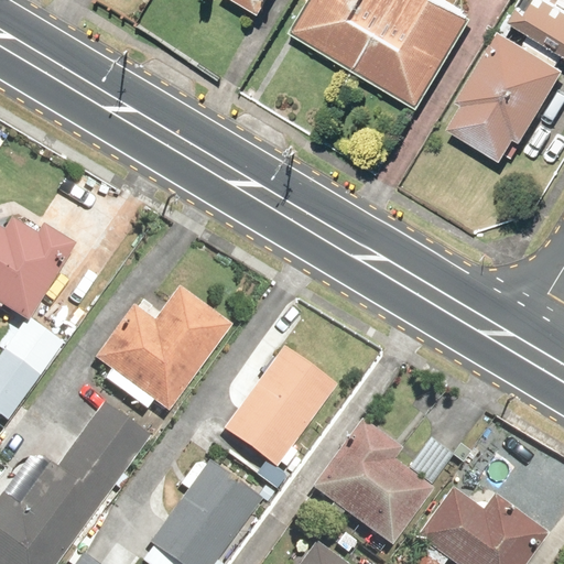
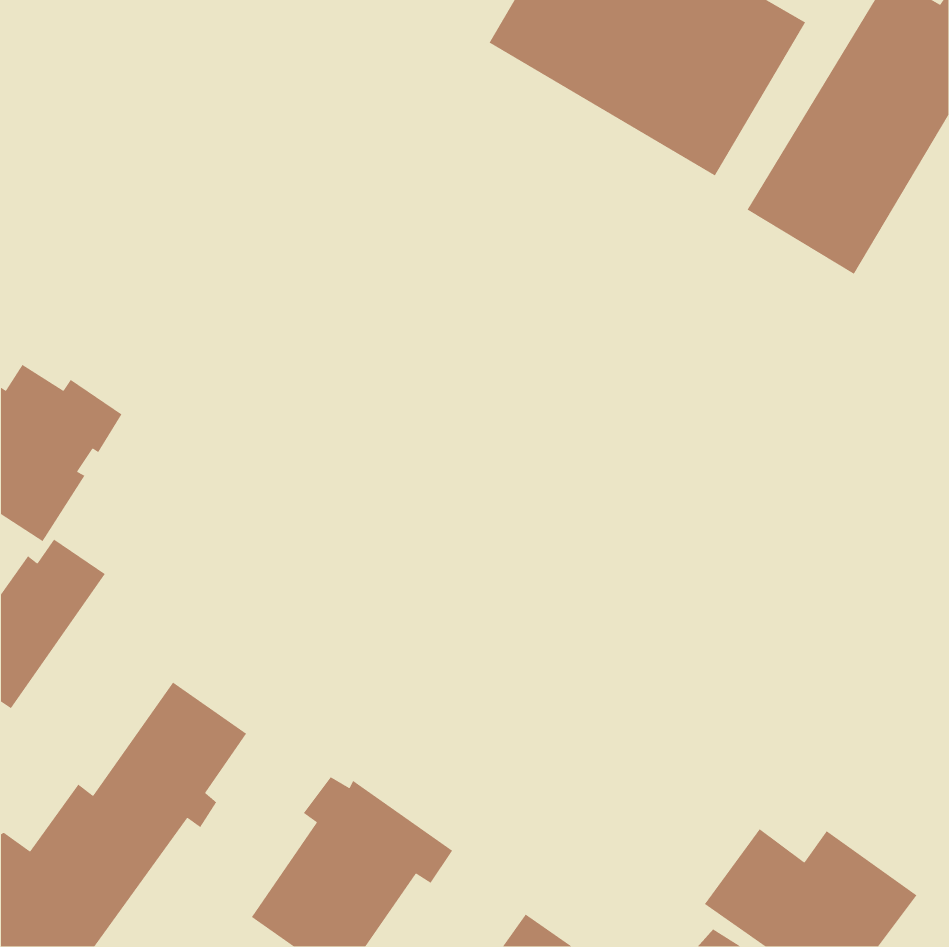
building: [94,288,230,412] -> none
building: [224,346,337,489] -> none
building: [311,419,448,545] -> none

